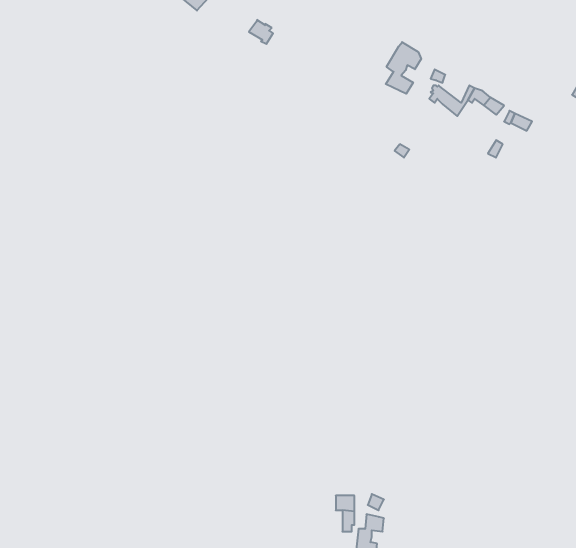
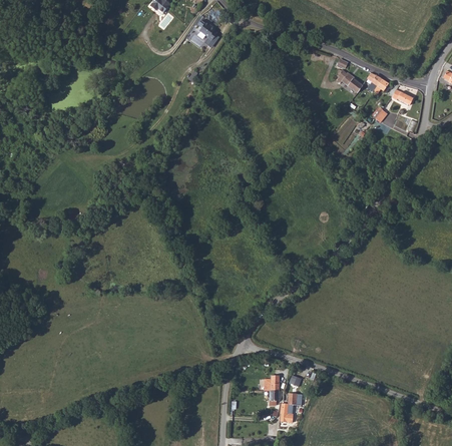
building: [386,42,421,94] -> none

